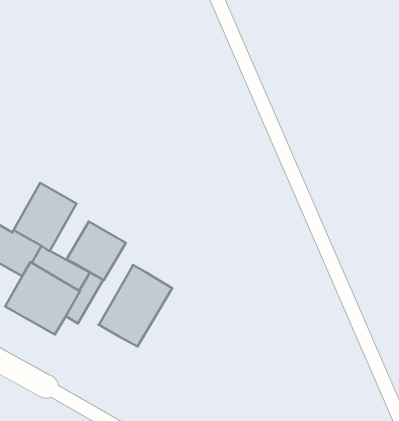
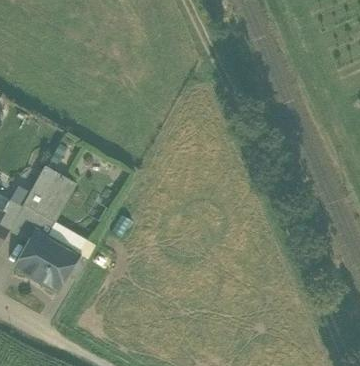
building: [67,221,126,280] -> none
building: [98,265,172,347] -> none

